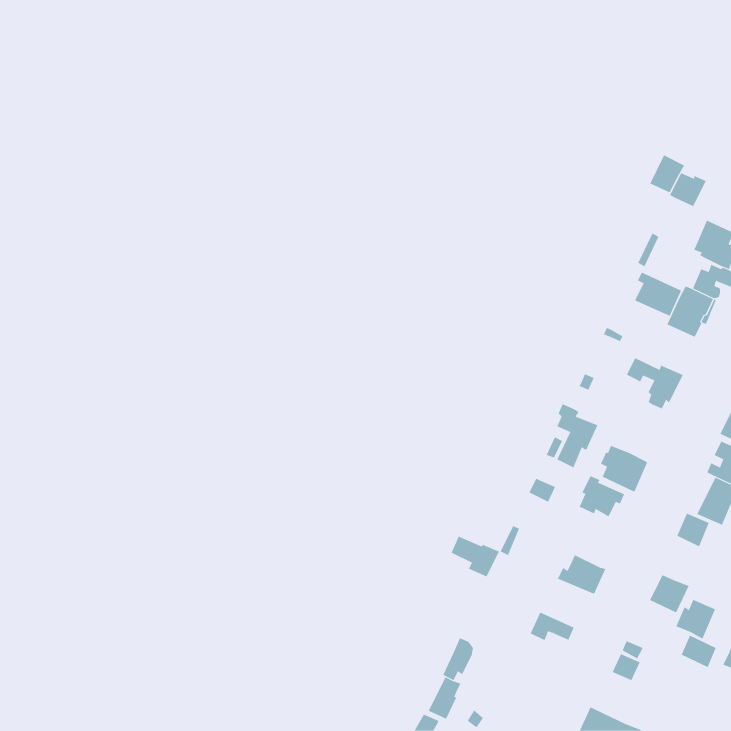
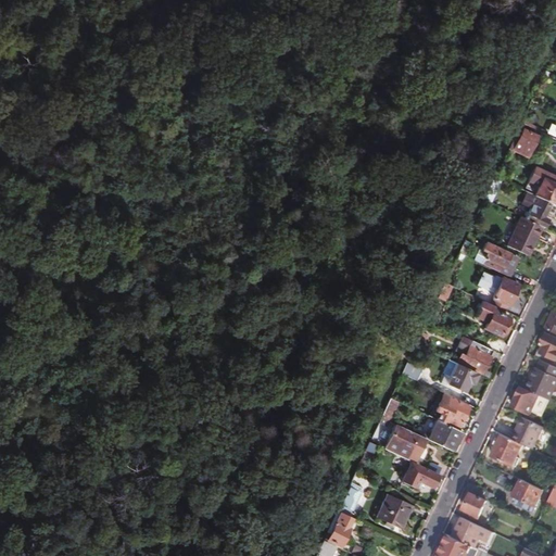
building: [649,155,685,193] -> none
building: [634,272,682,316] -> [481,242,517,276]
building: [556,404,598,468] -> [478,300,509,349]
building: none -> [434,396,467,429]
building: [451,536,500,577] -> [378,428,415,459]
building: [676,599,716,639] -> [513,418,543,448]
building: none -> [377,494,412,529]
building: none -> [453,517,493,547]

